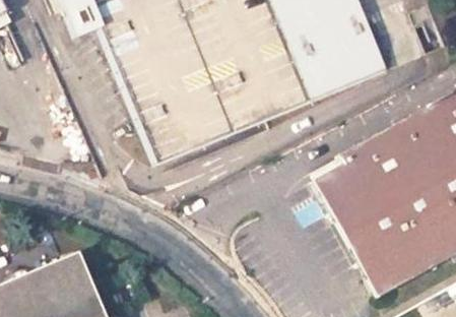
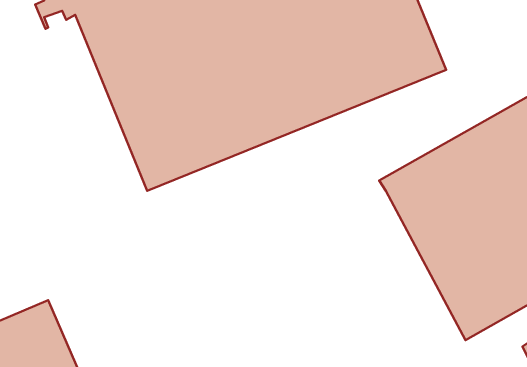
building: [313,165,406,299] -> none

